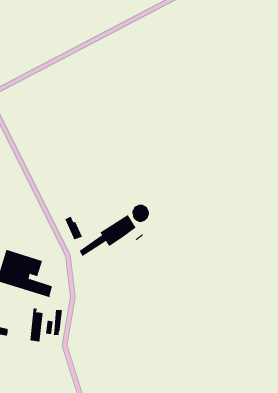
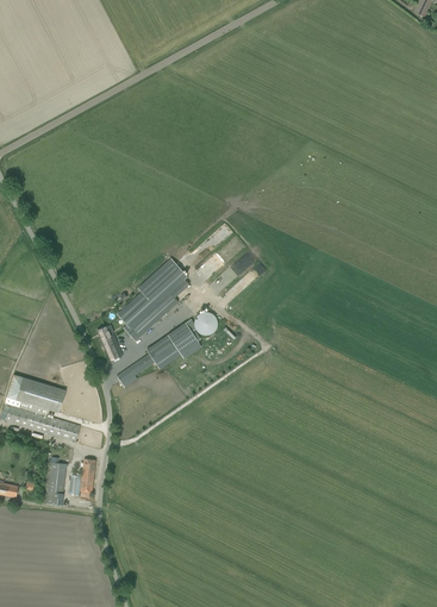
building: none -> [118,258,187,340]

